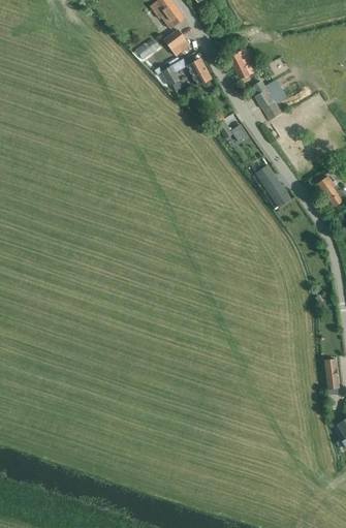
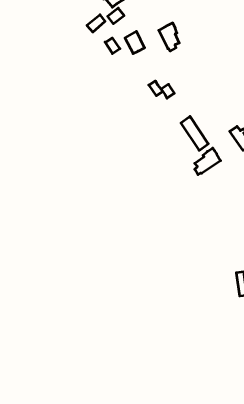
building: [254,81,284,120] -> none
building: none -> [195,148,221,175]

